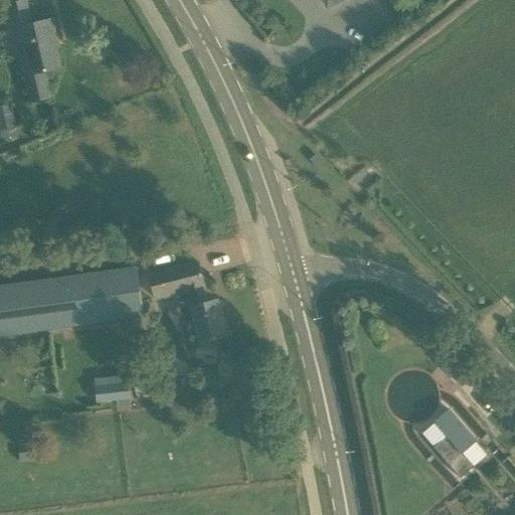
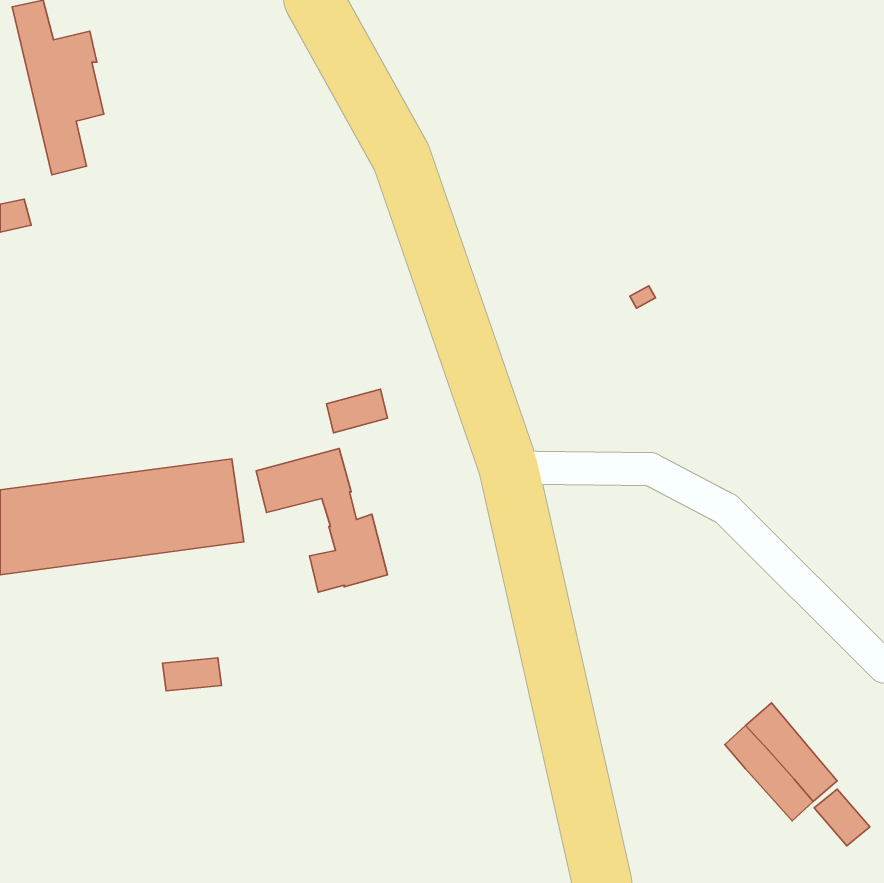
building: none -> [327,389,388,433]
building: none -> [814,789,870,846]

